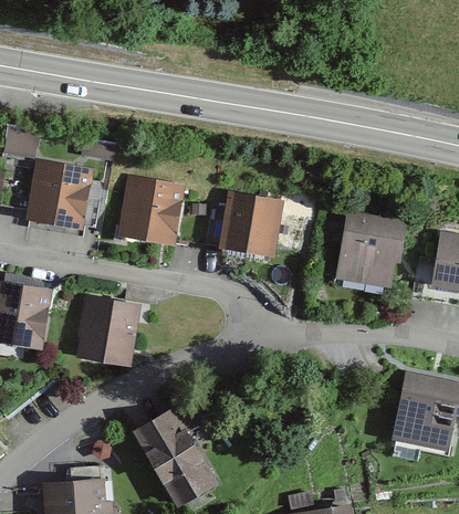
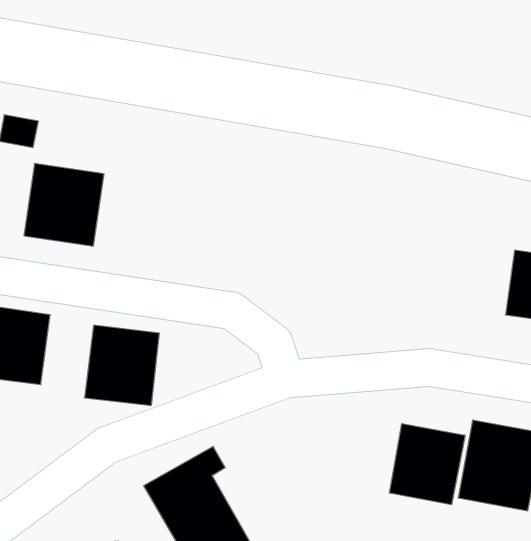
building: [119,177,186,245] -> none
building: [219,192,284,255] -> none
building: [337,211,406,286] -> none
building: none -> [390,423,465,505]

